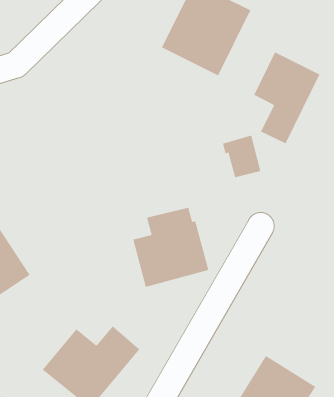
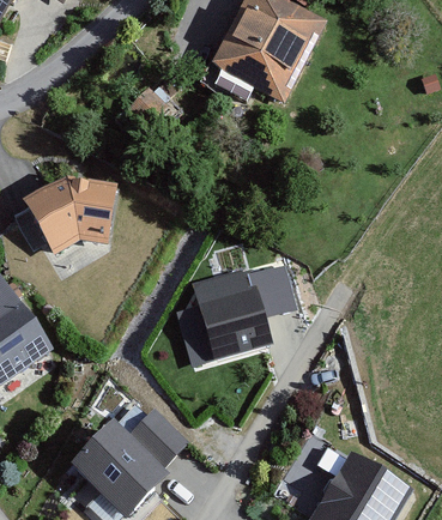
building: [253,51,320,144] -> none
building: none -> [22,171,121,254]
building: [222,135,261,178] -> [249,259,298,313]

